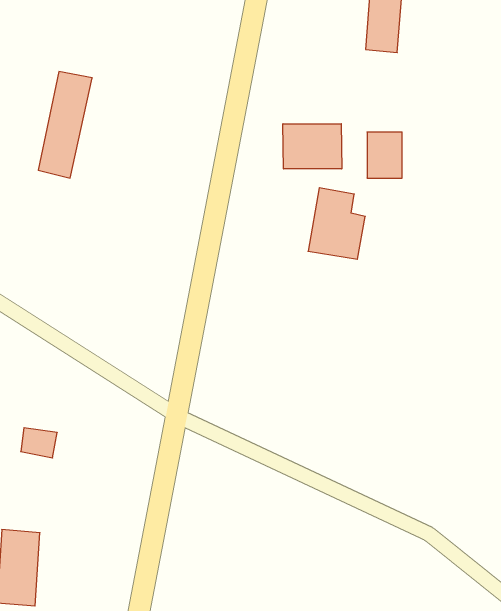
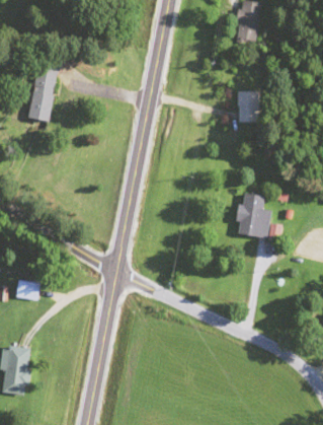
building: [283,124,342,169] -> none
building: [308,188,365,259] -> [234,193,270,238]

